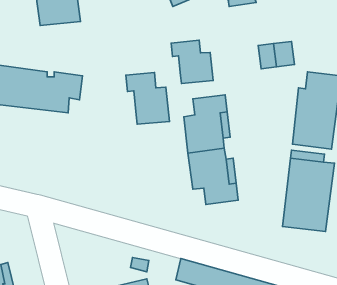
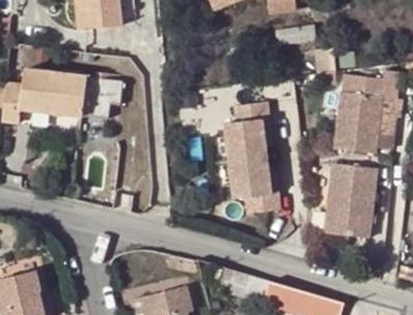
building: [171,40,213,83] -> none
building: [126,72,170,124] -> none

